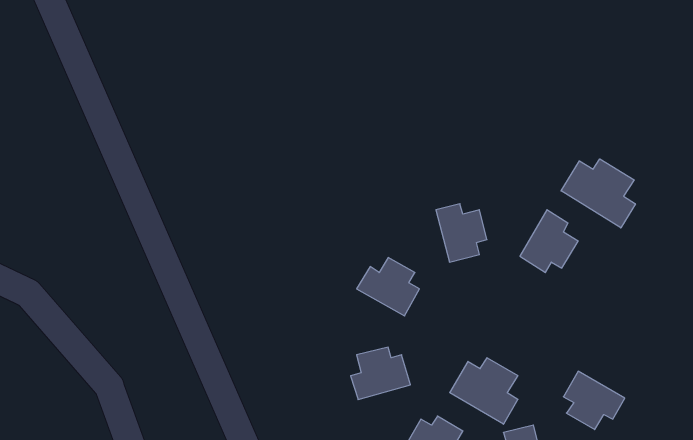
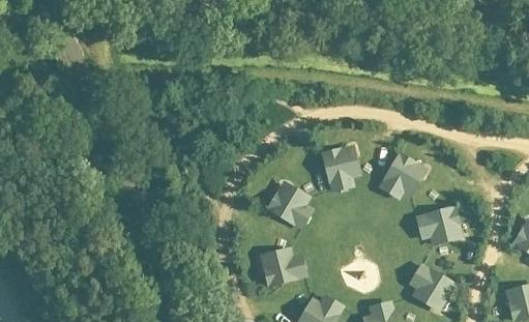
building: [561,159,635,228] -> none
building: none -> [415,207,455,243]
building: [450,358,518,424] -> none

